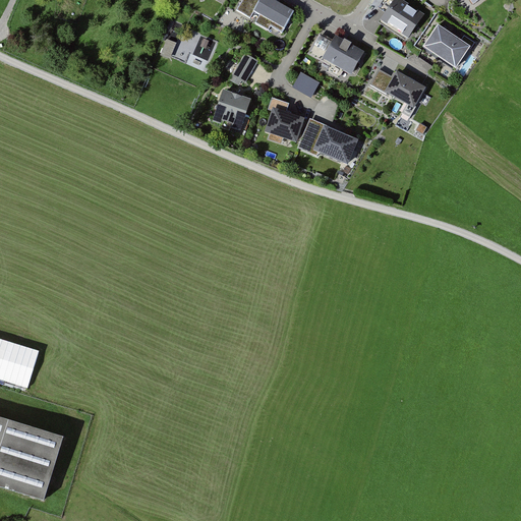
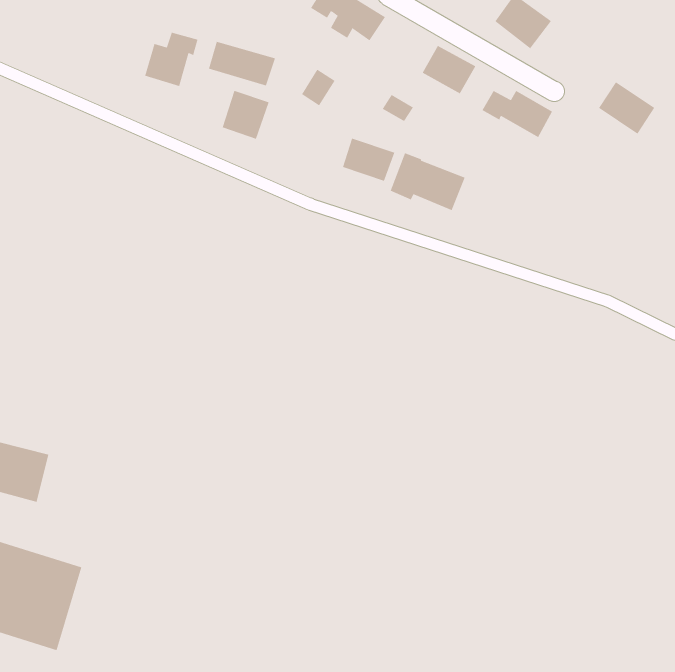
building: none -> [145,32,198,87]
building: [424,25,468,66] -> [598,81,655,134]
building: [213,90,249,127] -> [222,90,270,139]

